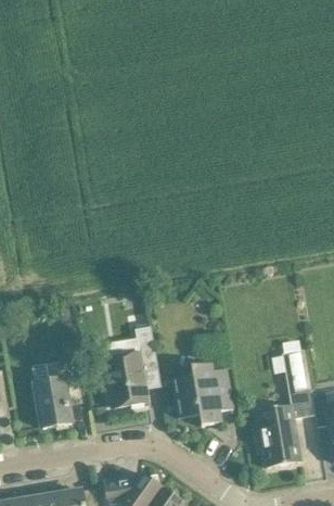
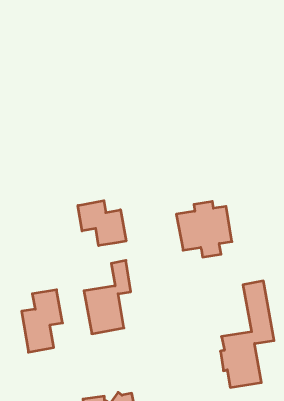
building: none -> [78,201,126,246]
building: [170,364,232,426] -> [176,201,232,257]

